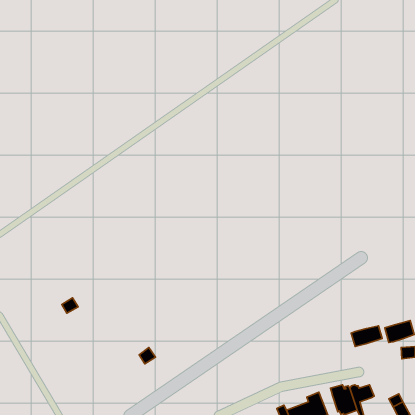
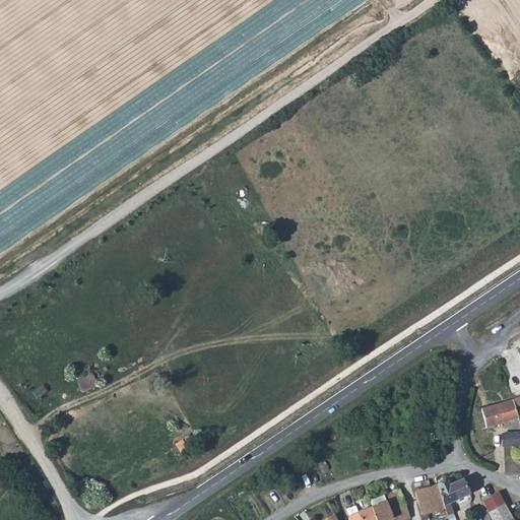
building: [351,326,382,347] -> none

